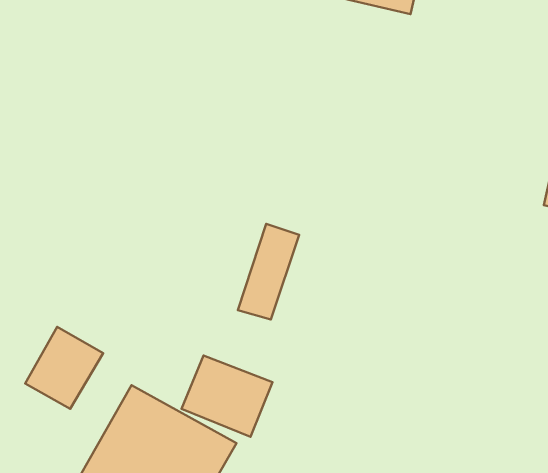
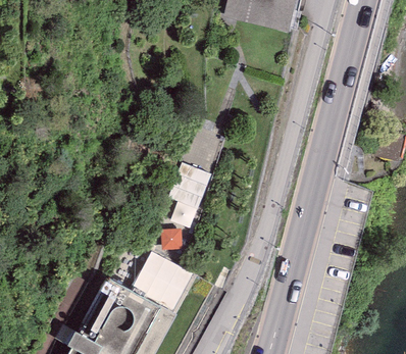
building: [25,327,103,409] -> none

